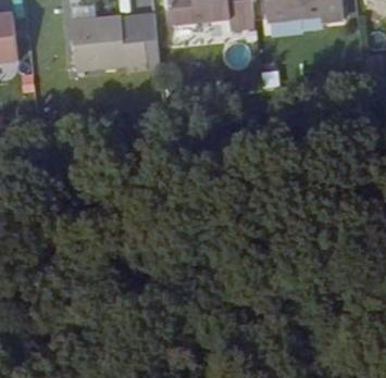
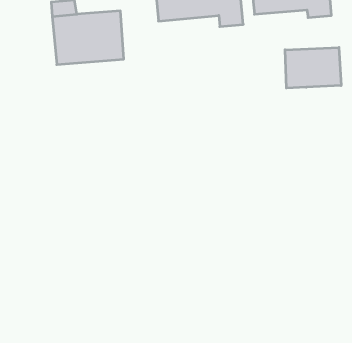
building: none -> [285,47,341,88]

